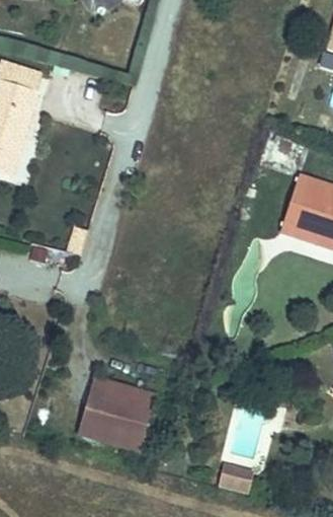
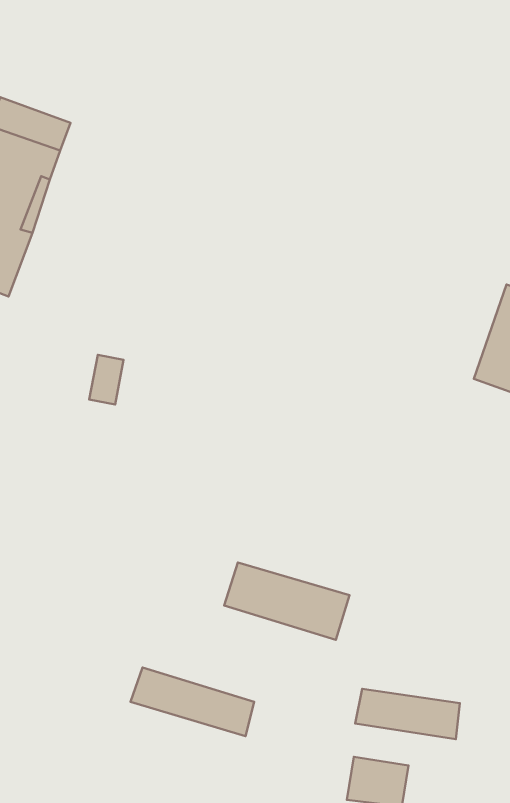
building: [86,376,160,422] -> [224,562,350,640]
building: none -> [355,689,460,739]

